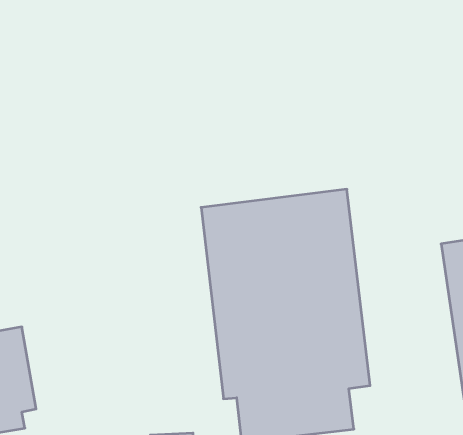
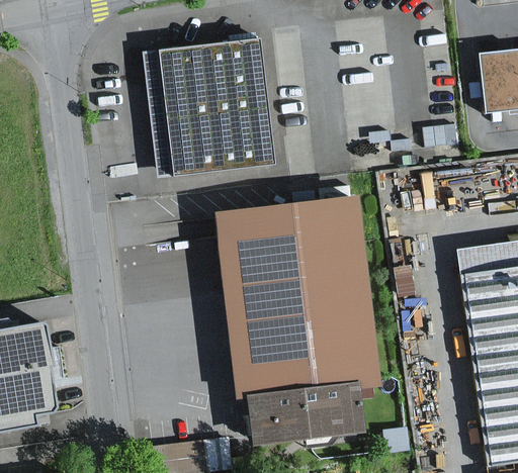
building: none -> [160,38,277,177]

